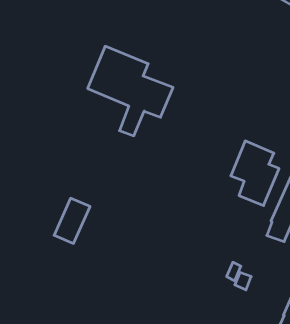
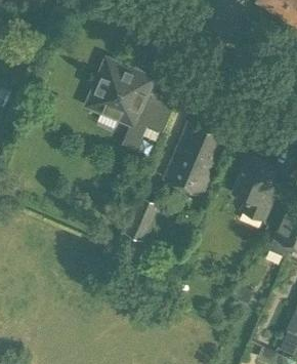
building: none -> [164,122,225,196]
building: [54,198,90,243] -> [124,198,160,243]

